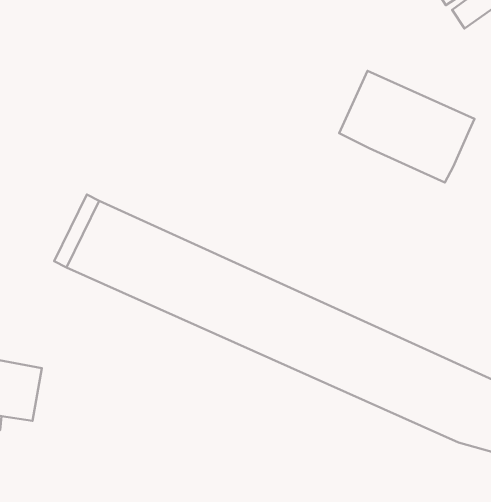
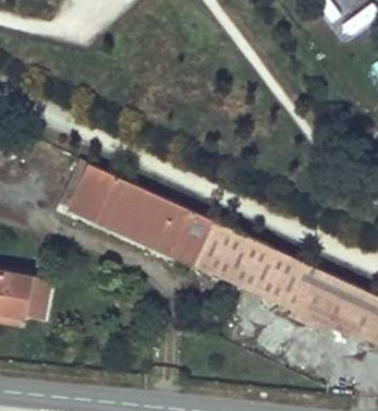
building: [339,71,475,183] -> none

